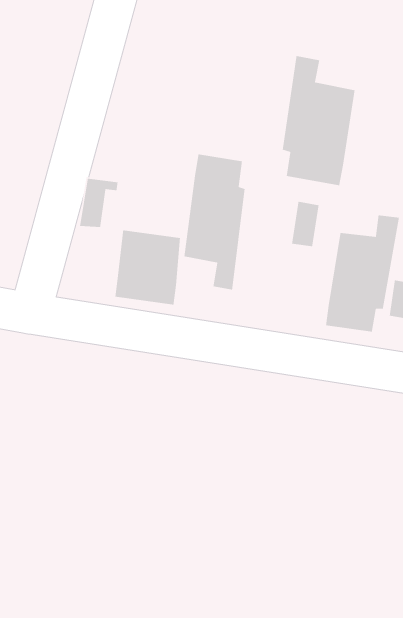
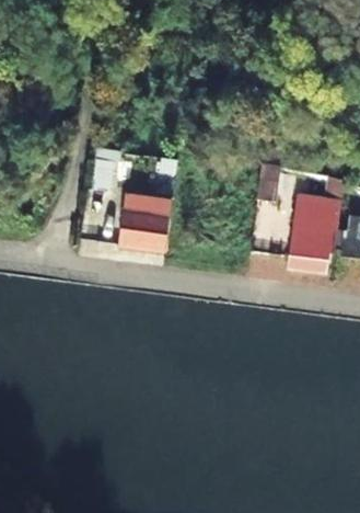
building: [282,55,355,186] -> none
building: [183,154,246,290] -> none

